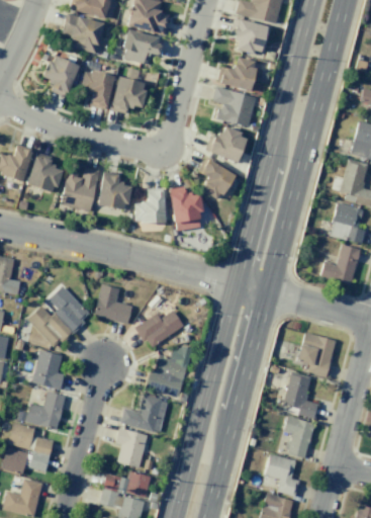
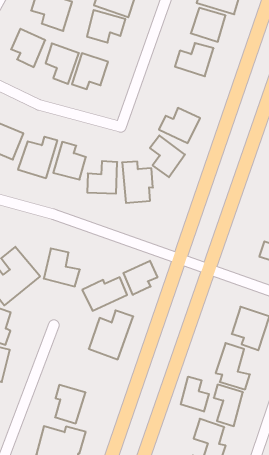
building: [212,87,256,126] -> none
building: none -> [123,261,157,295]
building: [120,395,168,433] -> none
building: none -> [181,377,209,412]

